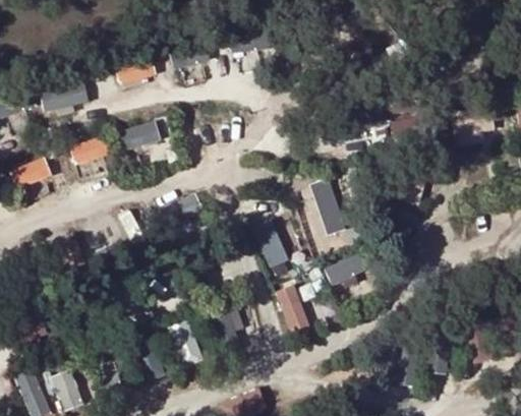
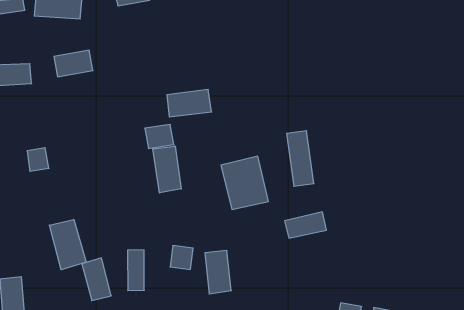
building: [115,120,162,154] -> [167,90,212,117]
building: none -> [153,146,181,193]
building: [275,286,307,332] -> [205,251,231,294]
building: none -> [49,219,86,270]

